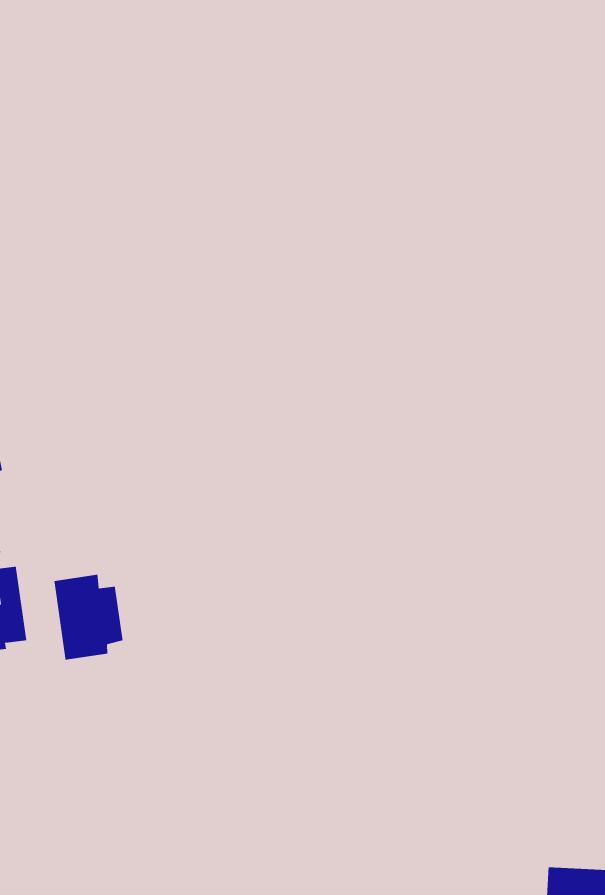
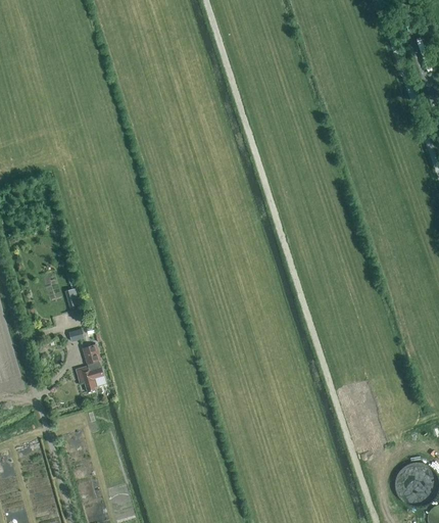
building: [54,574,123,660] -> none

